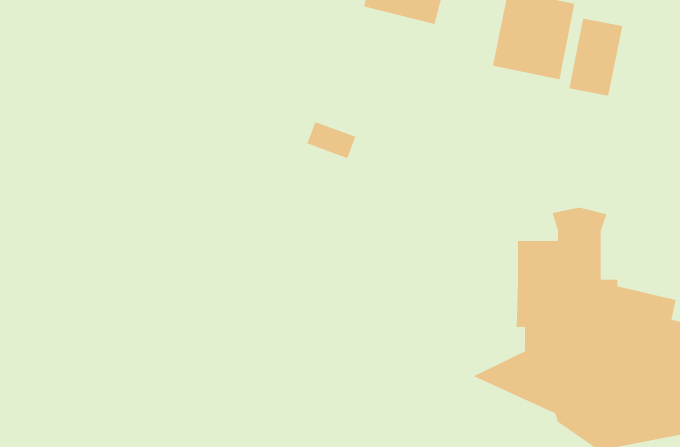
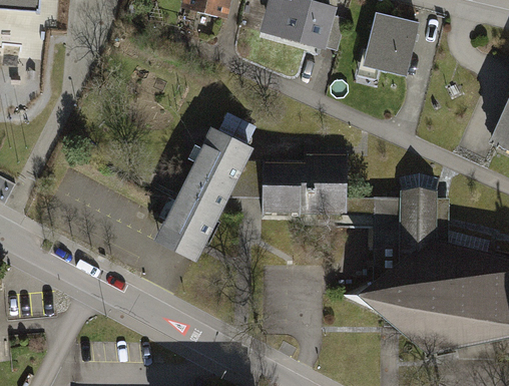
building: [569,18,623,96] -> none
building: none -> [160,131,377,259]

